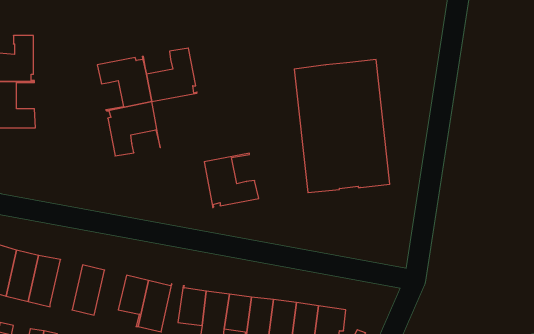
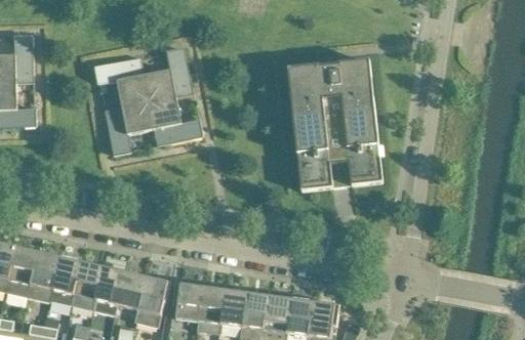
building: [204,153,259,208] -> [149,93,202,146]
building: none -> [49,256,81,305]
building: none -> [92,266,124,314]

